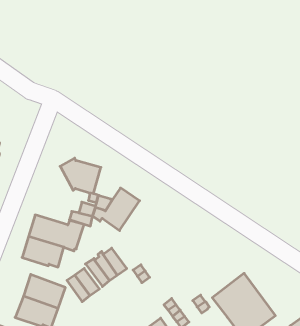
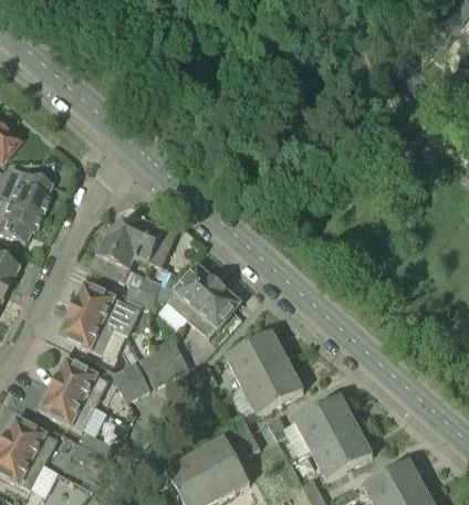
building: none -> [91,224,136,281]
building: none -> [188,283,240,336]
building: none -> [226,330,303,414]

